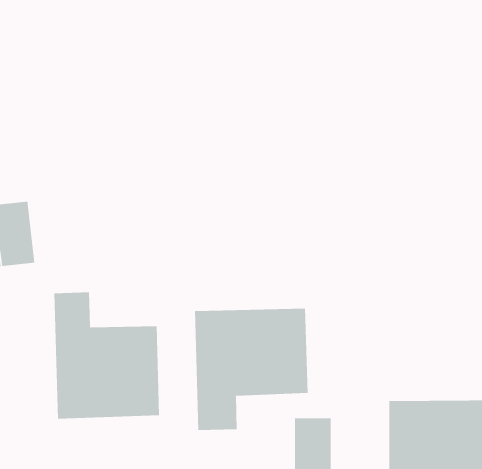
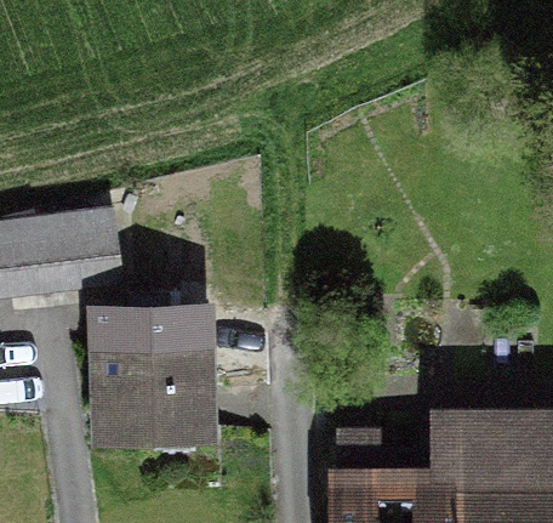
building: [194,308,308,431] -> none

